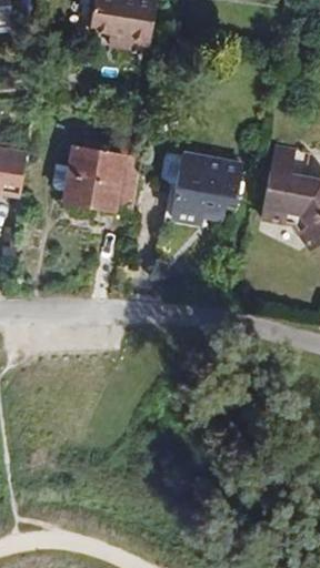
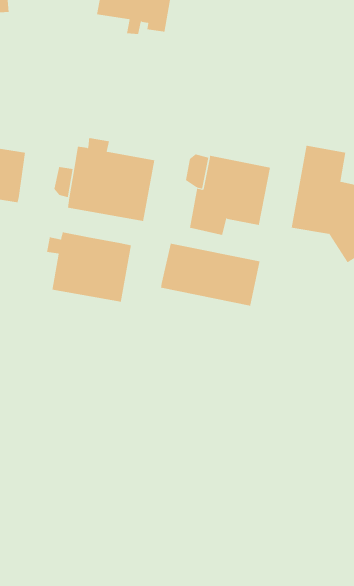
building: none -> [47,232,132,302]
building: none -> [161,243,260,306]

